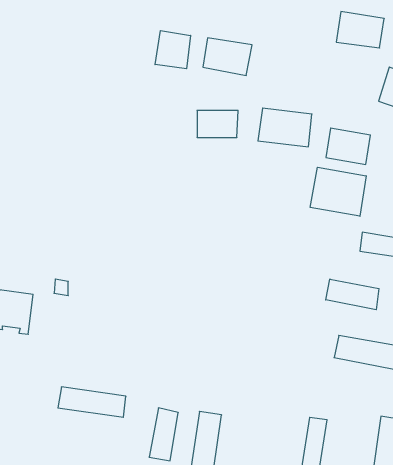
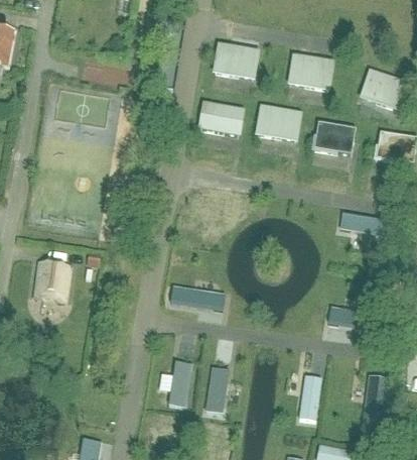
building: [336,12,384,48] -> [290,56,331,88]
building: [155,31,191,69] -> none
building: [310,167,366,216] -> none
building: [326,279,379,310] -> none
building: [58,387,126,417] -> [169,284,228,311]

